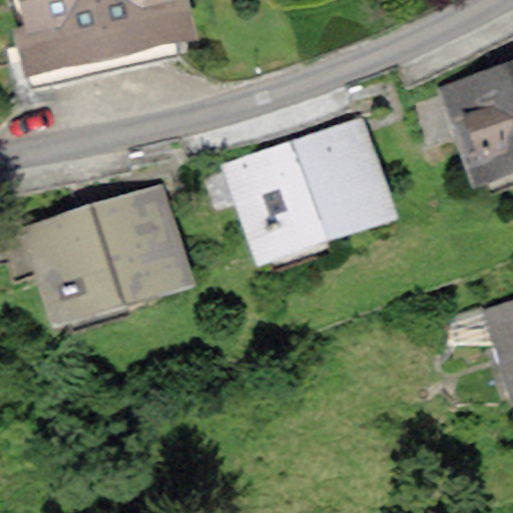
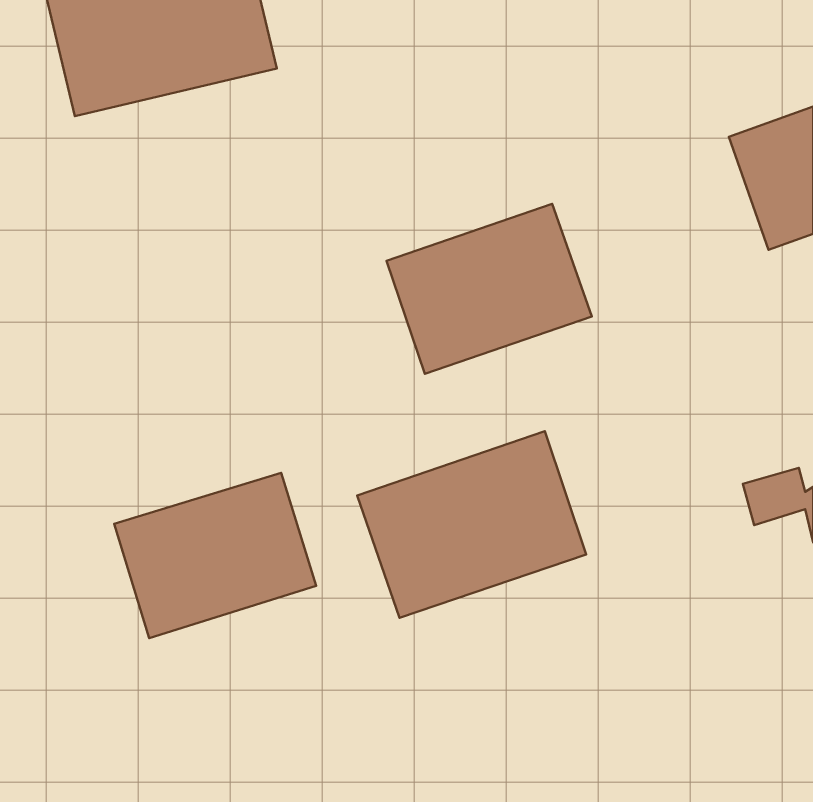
building: [42,195,169,300] -> [114,473,316,638]
building: none -> [357,431,586,618]

